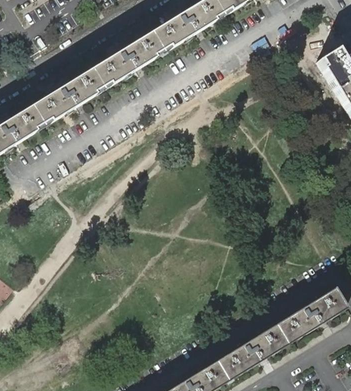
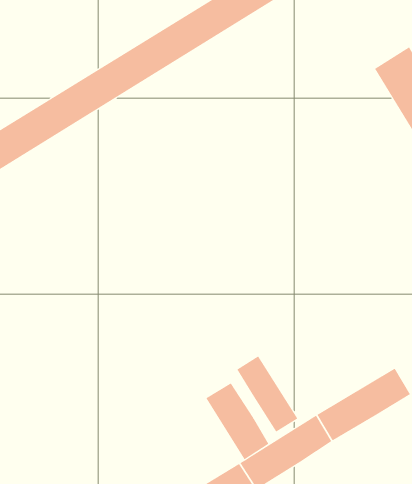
building: none -> [237,355,298,433]
building: none -> [206,382,269,460]

